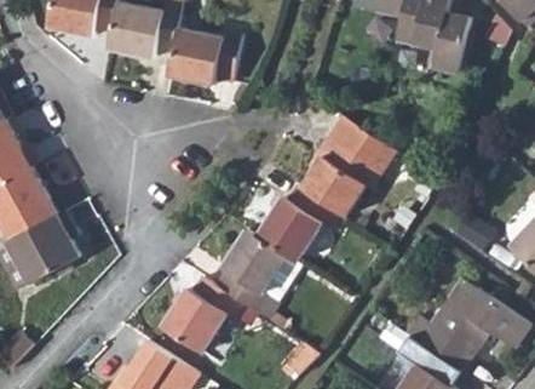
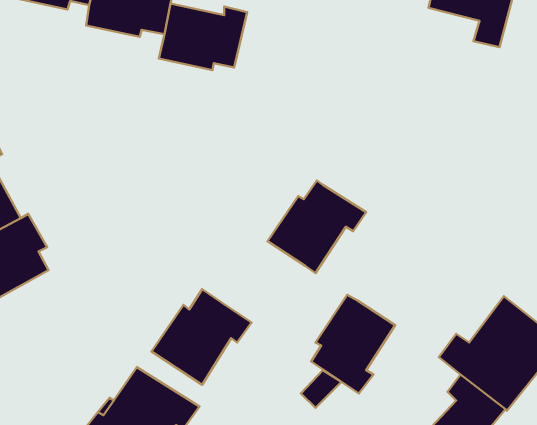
building: [306,113,399,211] -> none
building: [222,225,292,308] -> [311,295,395,393]

